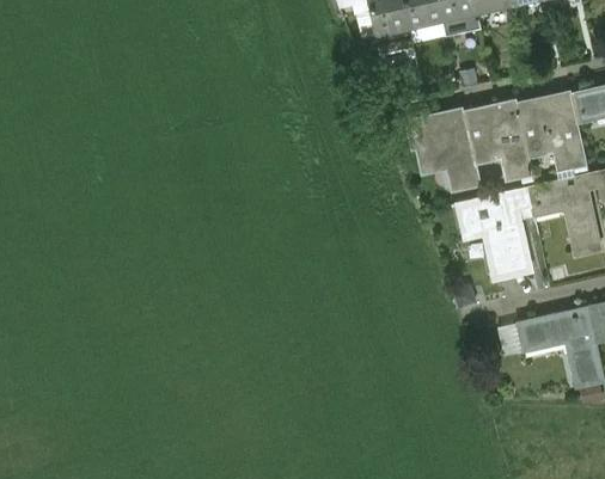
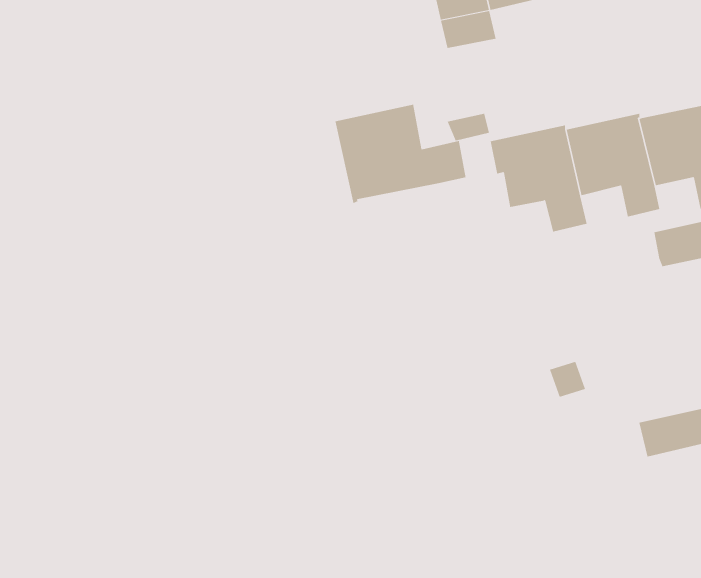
building: none -> [335,104,466,204]
building: [460,189,532,283] -> none

